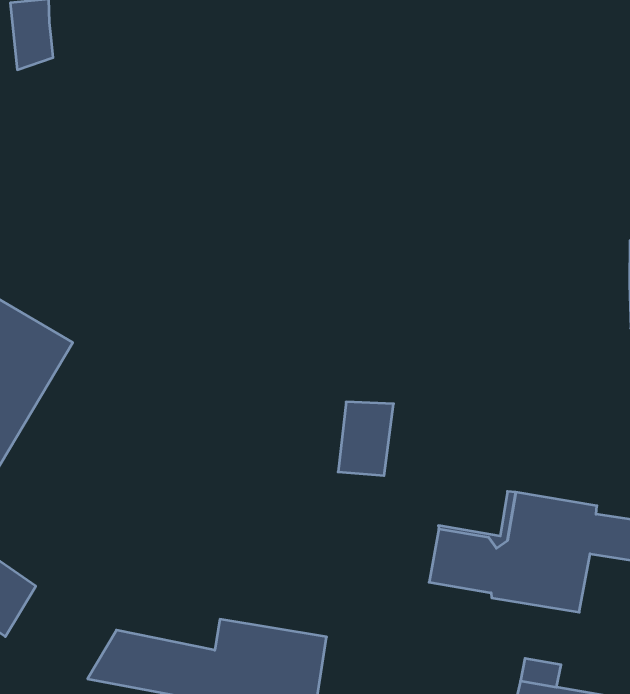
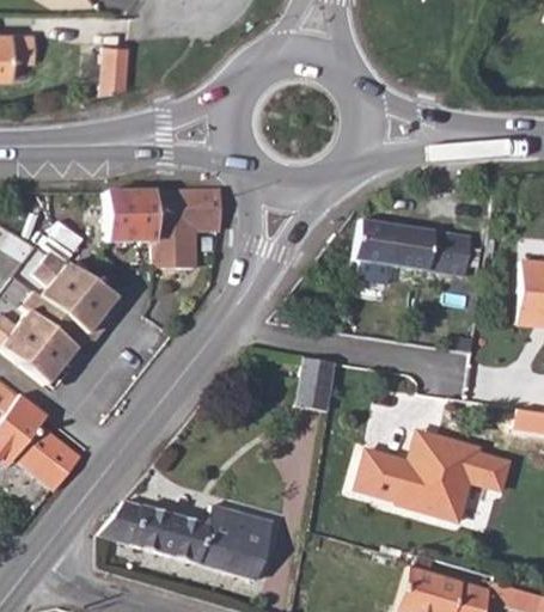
building: none -> [108,191,221,269]
building: none -> [366,220,472,277]

